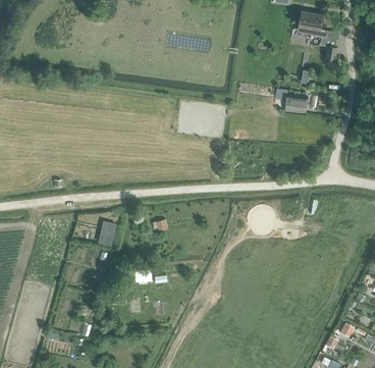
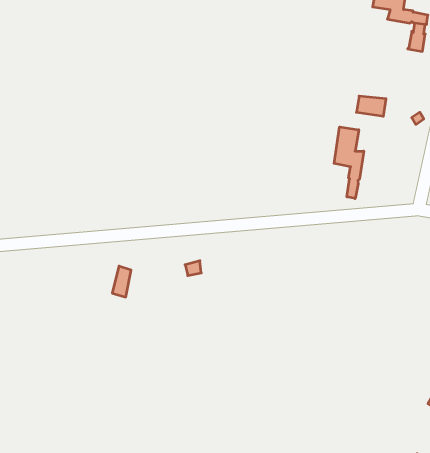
building: none -> [334,127,364,199]

